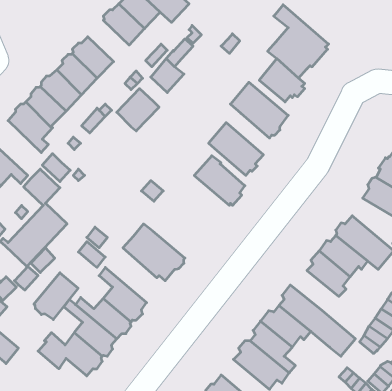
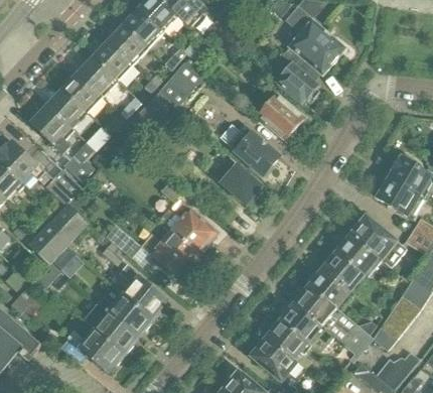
building: none -> [108,24,148,64]
building: none -> [157,201,215,256]
building: none -> [305,268,352,307]
building: [34,273,78,320] -> none

